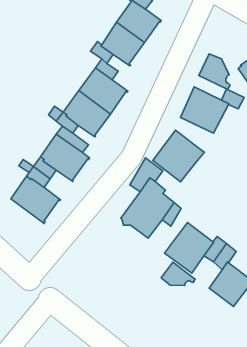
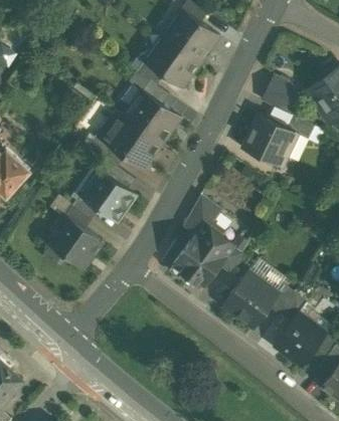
building: [153,130,204,182] -> none
building: [161,262,195,286] -> none

